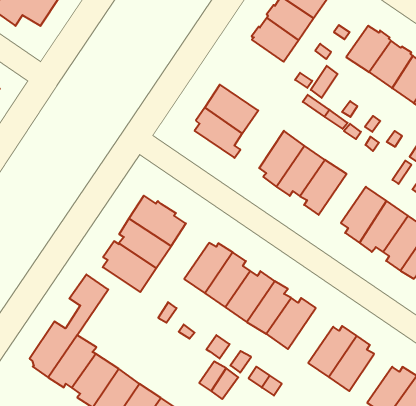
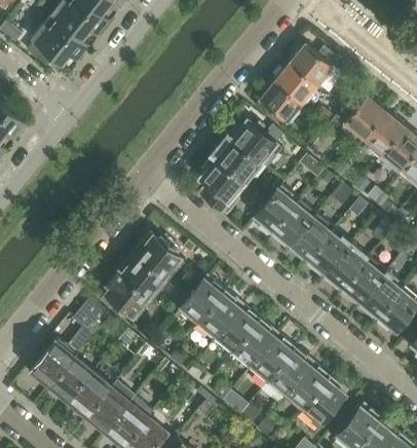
building: none -> [227,119,281,163]
building: none -> [306,228,351,272]
building: none -> [267,347,310,404]

